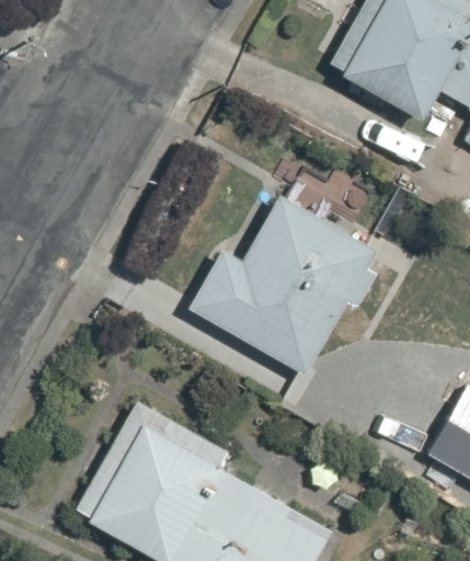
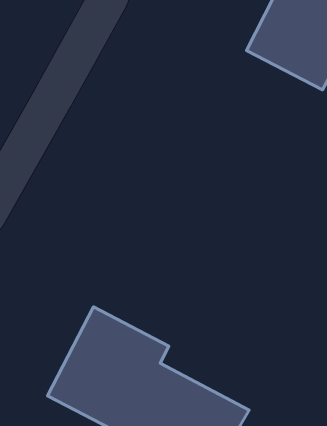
building: [191,196,376,376] -> none

